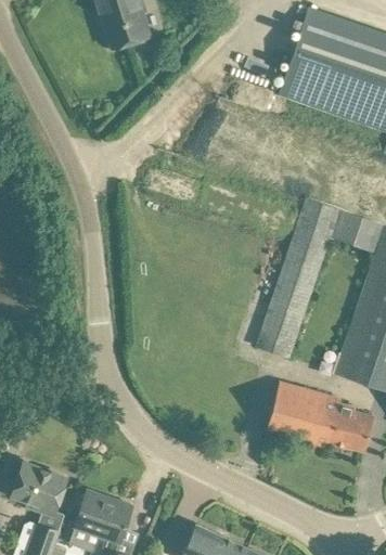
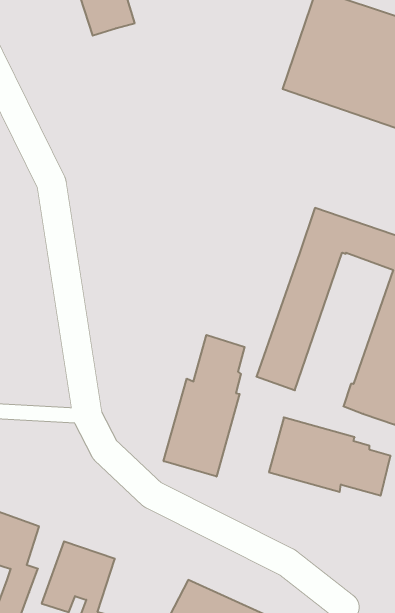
building: none -> [164,335,245,477]

